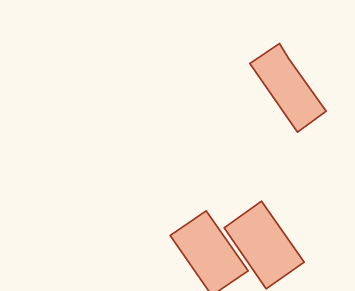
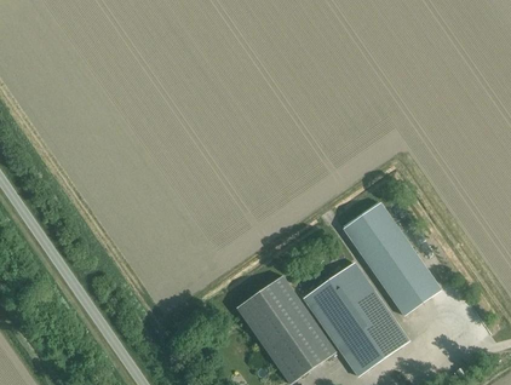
building: [250,44,326,132] -> [343,202,440,315]

